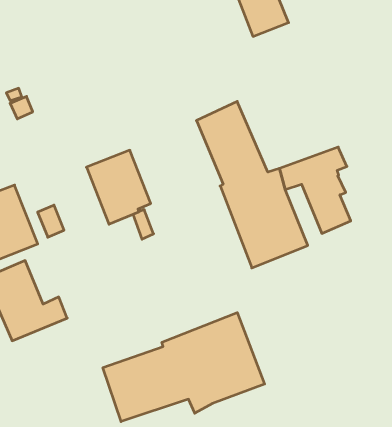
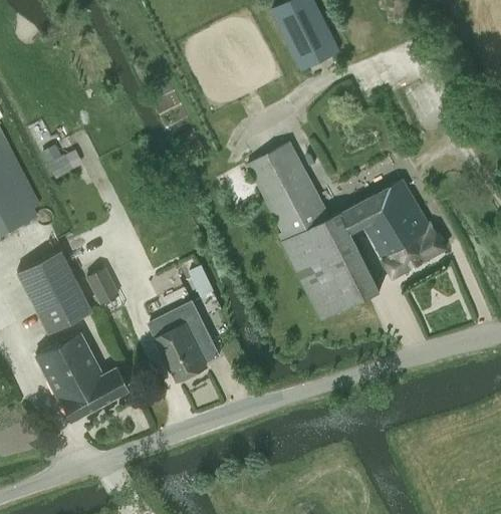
building: [86,150,151,224] -> [148,301,220,382]
building: none -> [405,202,446,260]
building: [103,313,265,422] -> none

